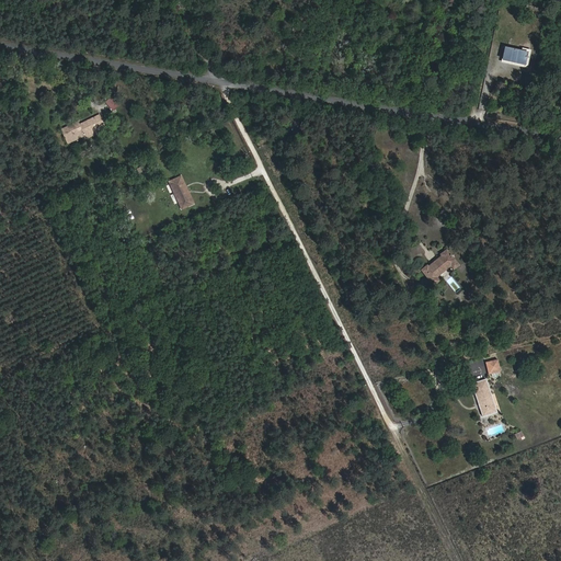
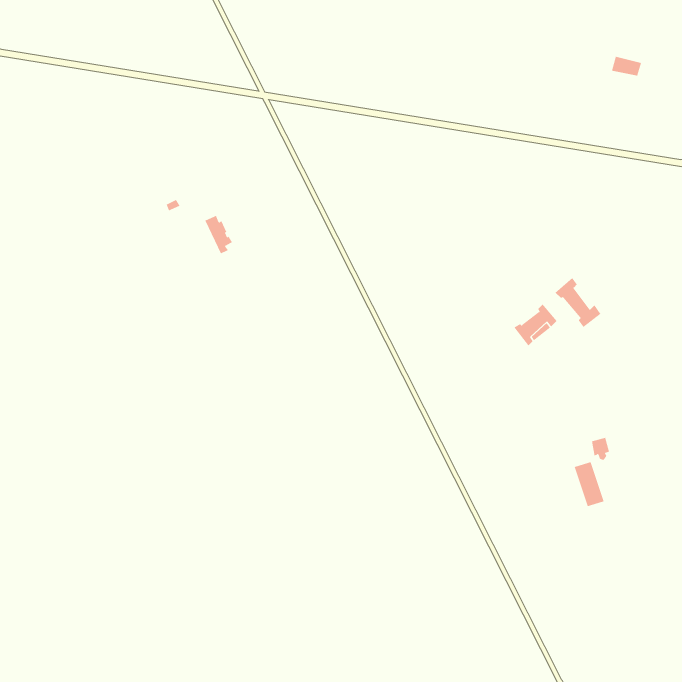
building: [60,114,104,142] -> none
building: none -> [554,277,601,328]

